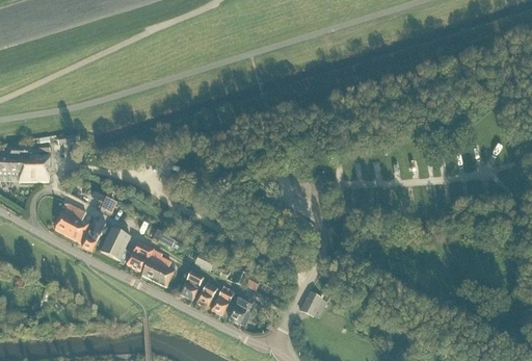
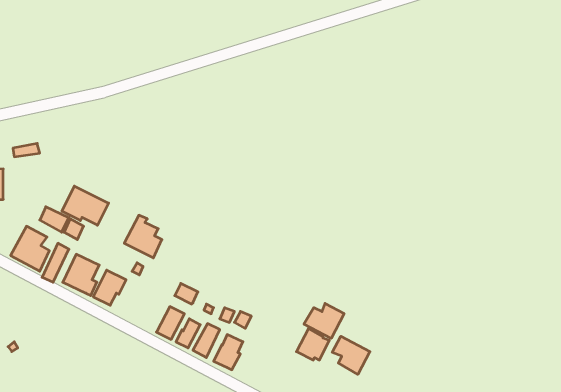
building: none -> [62,186,109,225]
building: [141,250,174,286] -> [124,215,162,258]
building: none -> [304,303,344,338]
building: none -> [332,336,370,374]

